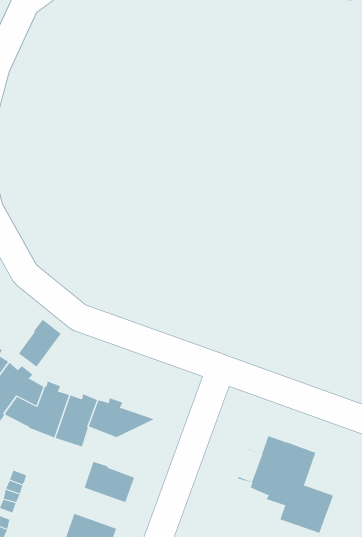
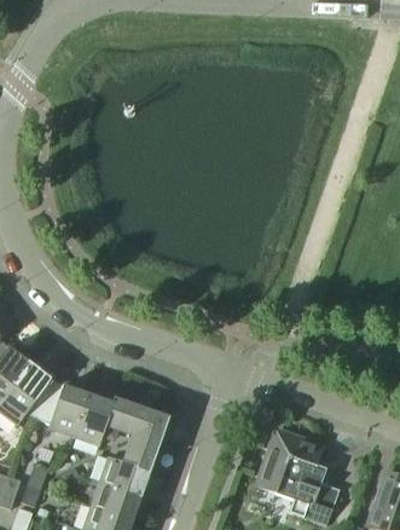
building: [18,319,62,368] -> none
building: none -> [123,416,168,472]
building: none -> [91,482,140,520]

